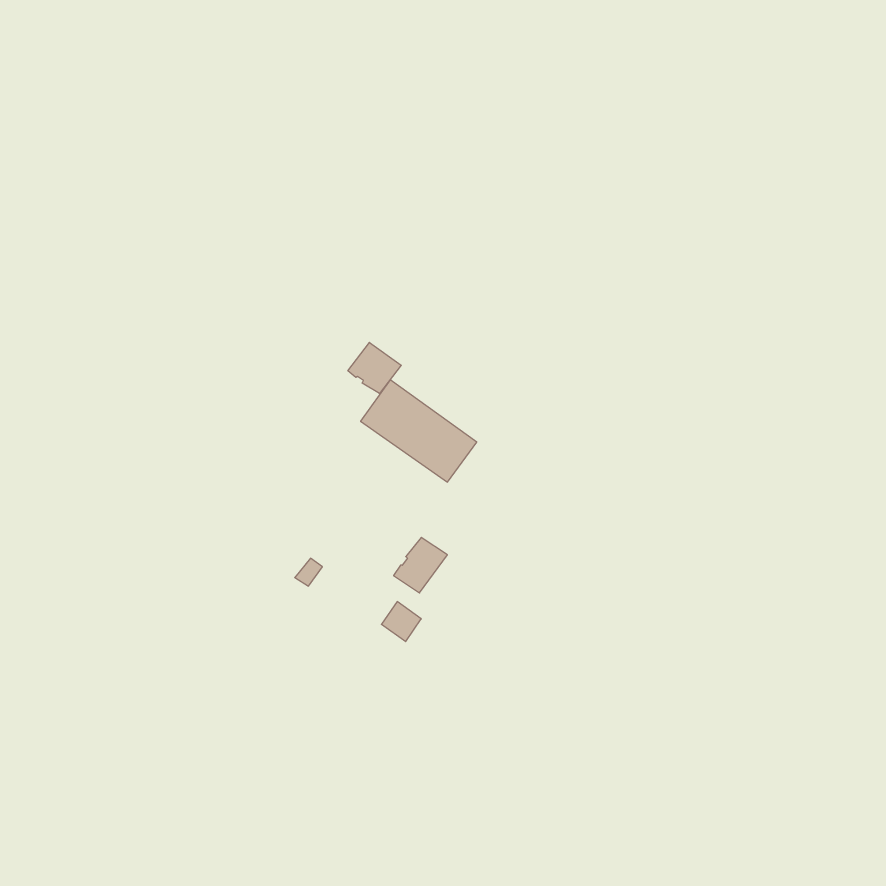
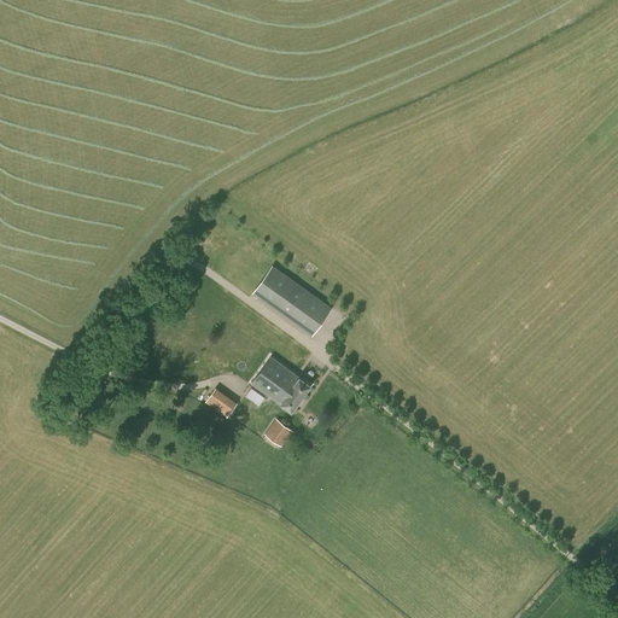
building: [348,342,401,394] -> none
building: none -> [252,357,293,401]

